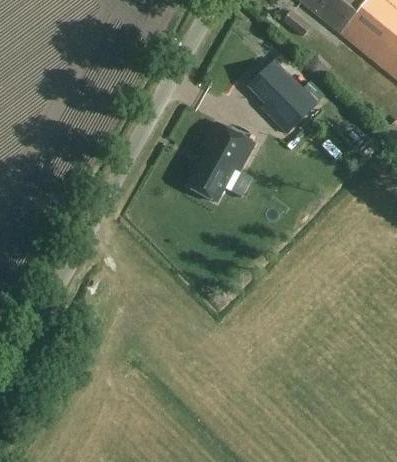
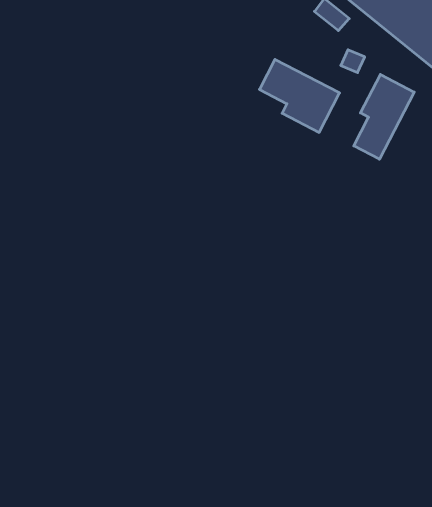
building: none -> [354,74,414,159]
building: [193,122,260,201] -> none

